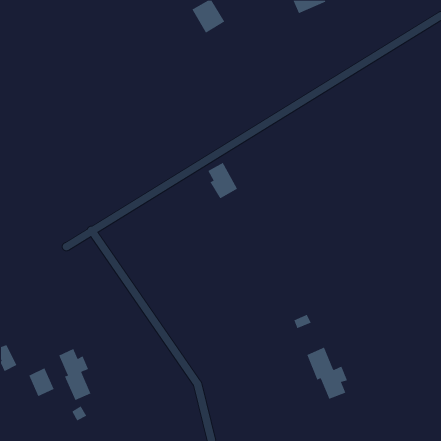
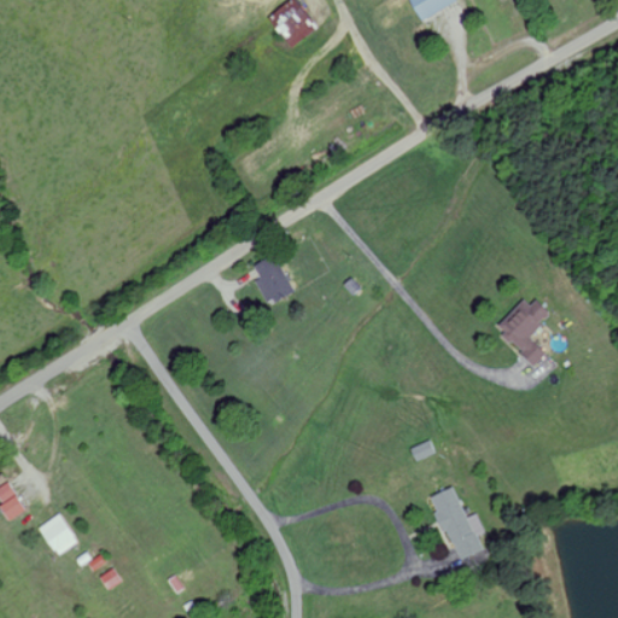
building: [208,162,238,199] -> [252,252,295,304]
building: none -> [496,295,550,366]
building: [59,348,91,401] -> none

